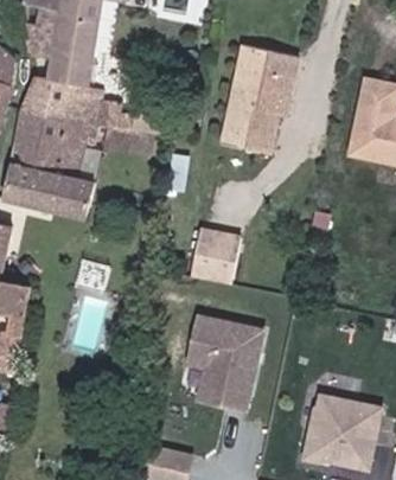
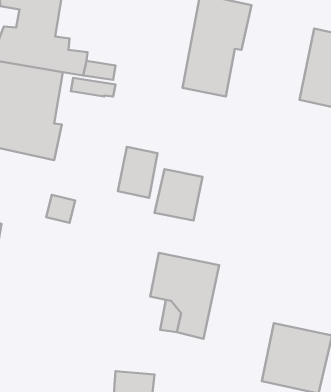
building: none -> [118,147,158,198]

